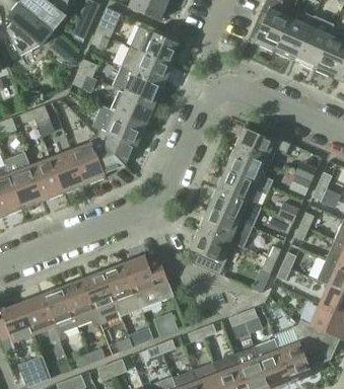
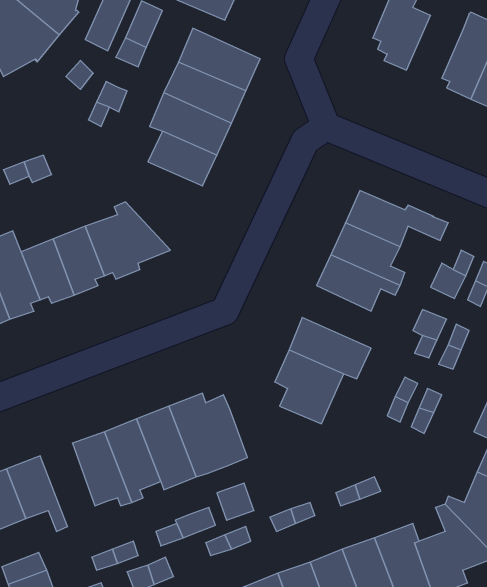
building: [273,13,313,59] -> none
building: [95,109,144,165] -> none
building: [207,187,260,227] -> none
building: [42,287,76,339] -> none

